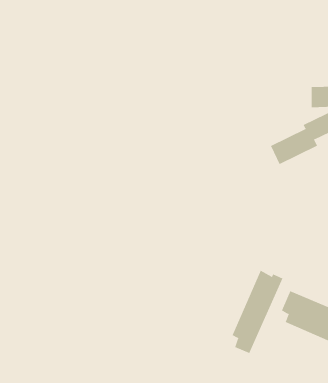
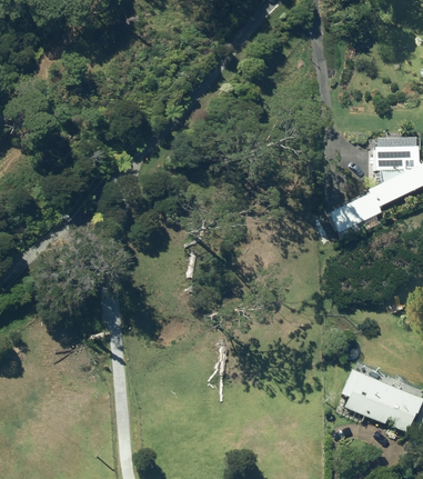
building: [232,270,283,354] -> none

